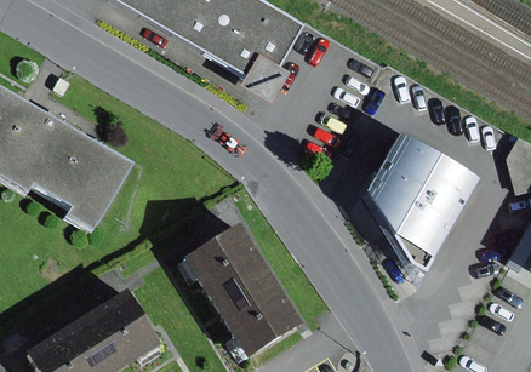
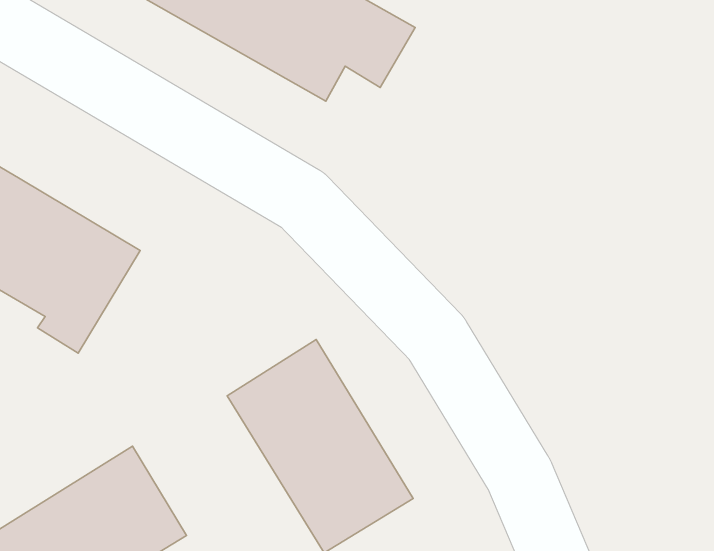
building: [366,136,475,273] -> none

